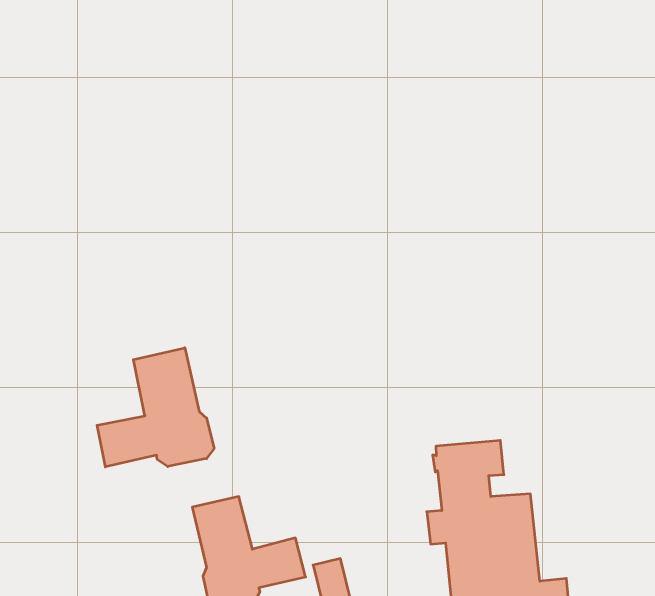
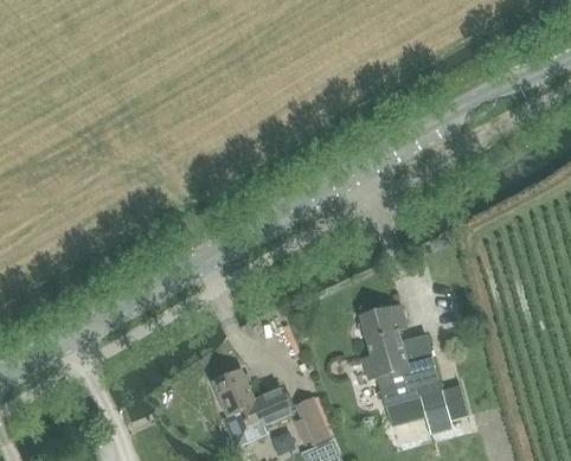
building: [97,348,214,467] -> none

